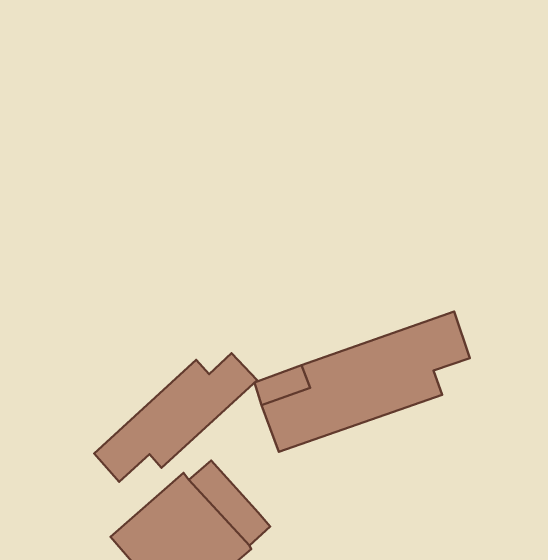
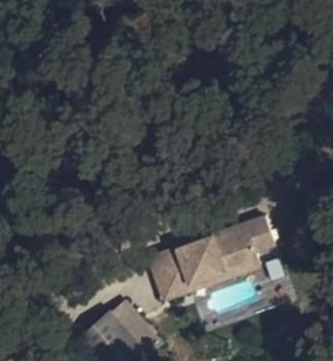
building: [94,353,257,482] -> none

